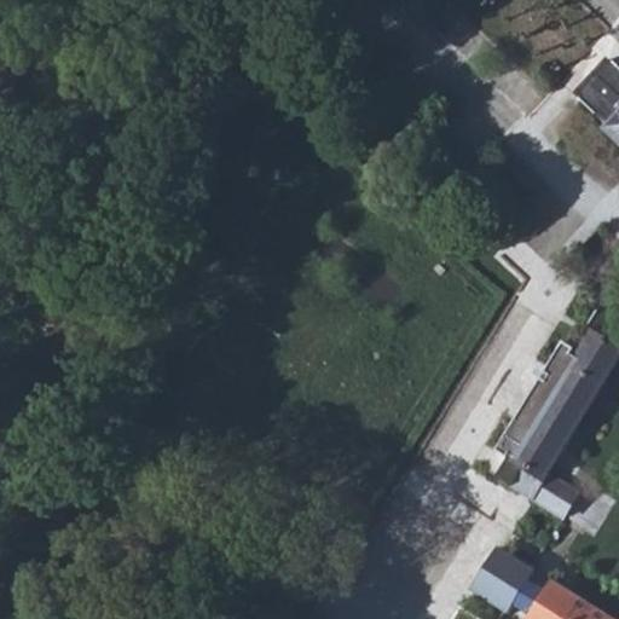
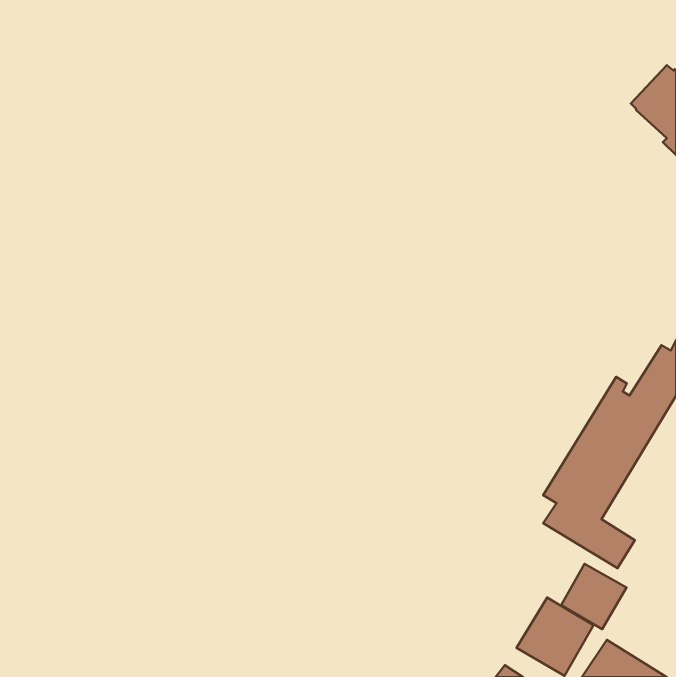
building: none -> [561,564,627,629]

